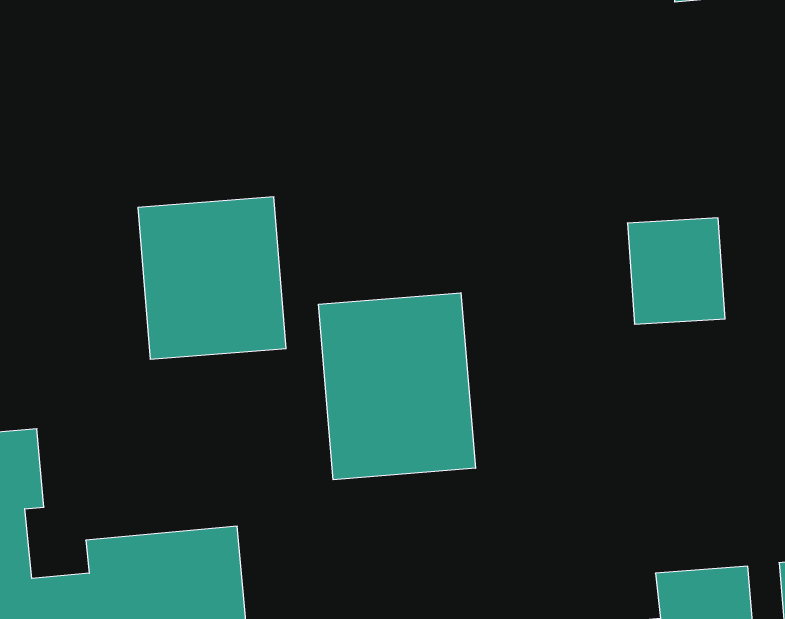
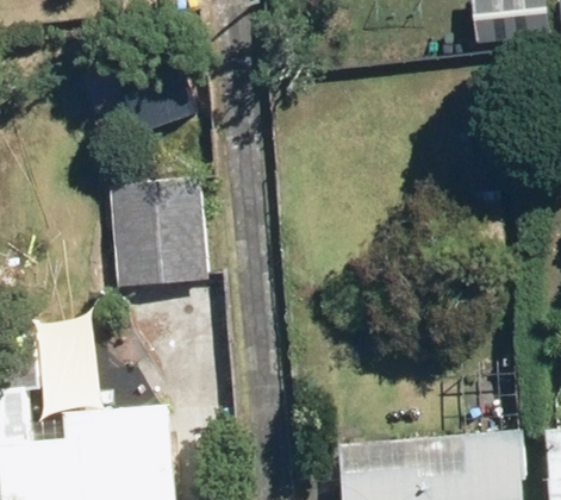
building: [319,293,476,480] -> none

